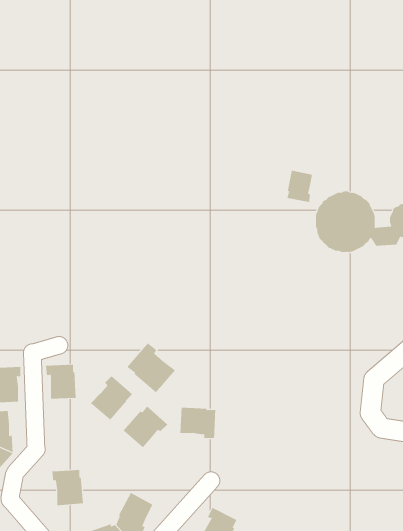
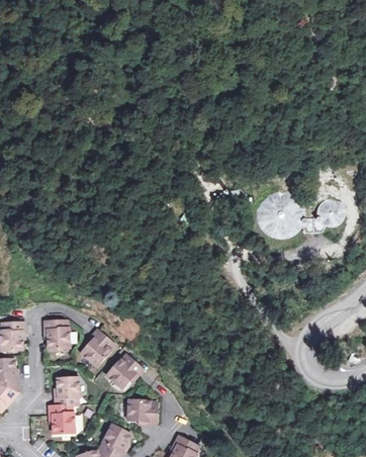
building: [287,170,313,203] -> none
building: [126,343,176,393] -> none
building: [180,407,216,439] -> [127,399,157,425]
building: none -> [55,376,79,406]

